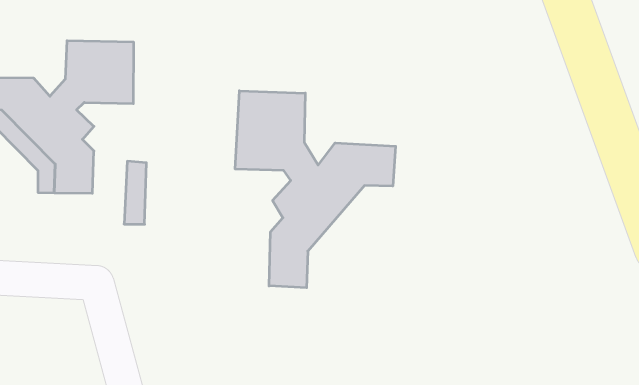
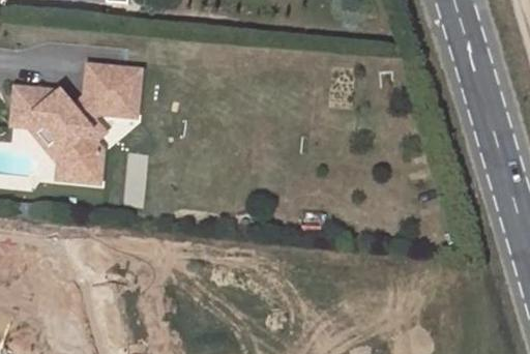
building: [235,91,396,288] -> none

